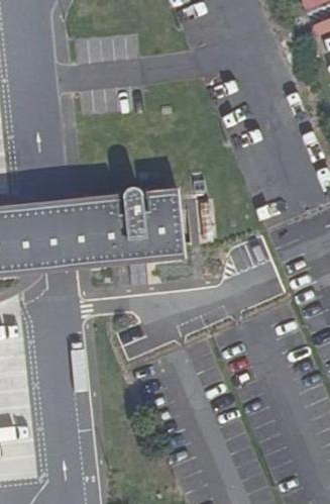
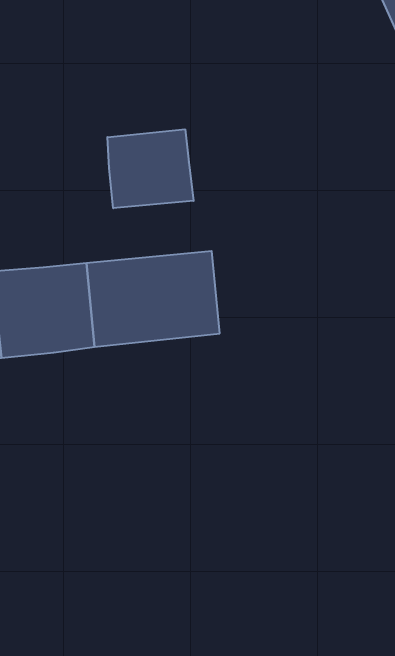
building: none -> [107,129,194,208]

